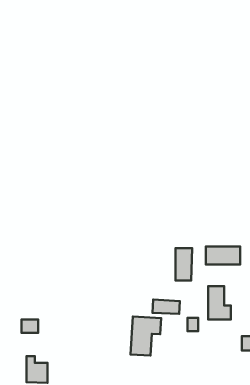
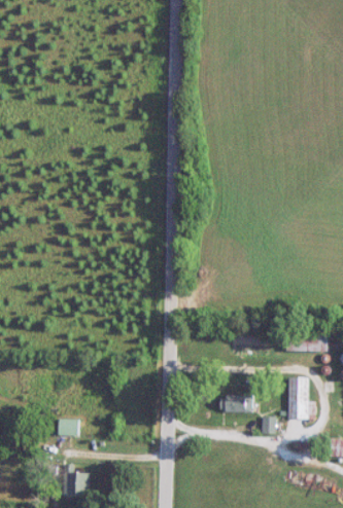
building: [176,248,192,281] -> none
building: [131,316,161,356] -> none

